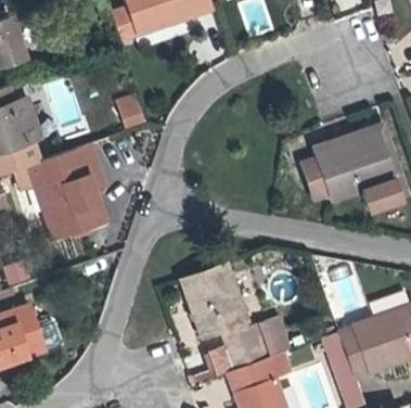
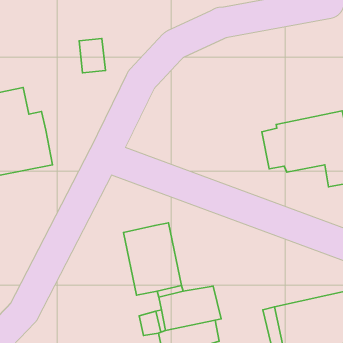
building: [68,143,108,190] -> none

